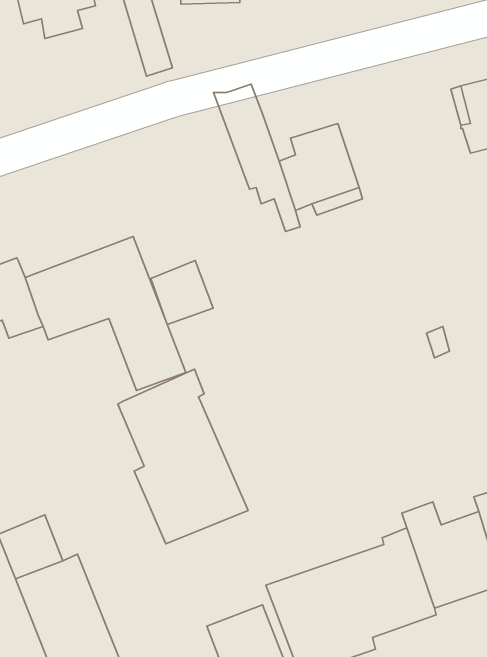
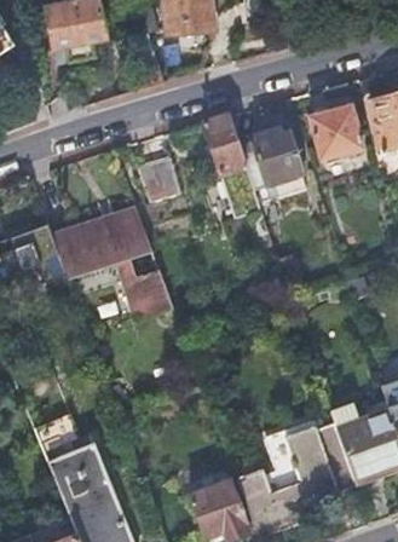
building: none -> [306,104,359,157]
building: [151,261,213,324] -> [135,152,181,200]
building: [118,369,248,544] -> none

